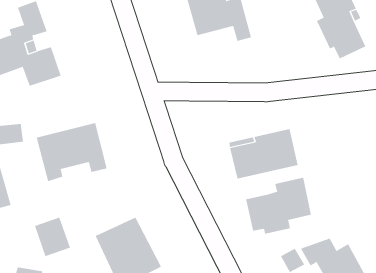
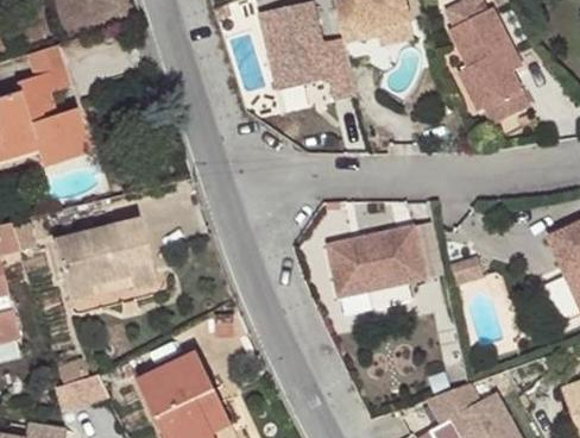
building: [245,177,312,235] -> none

